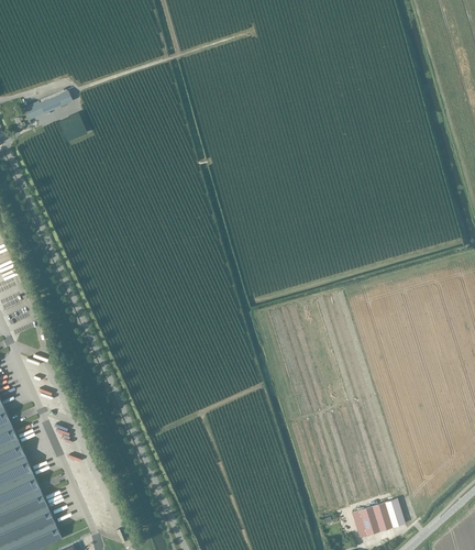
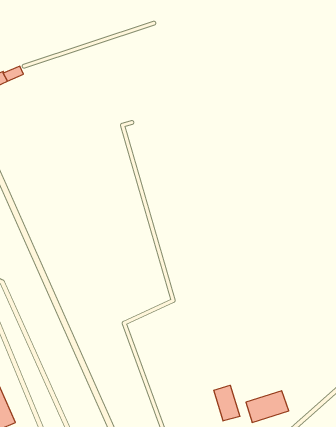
building: none -> [214,385,240,421]

